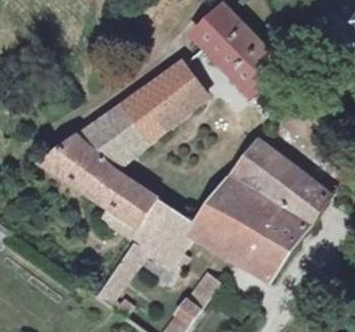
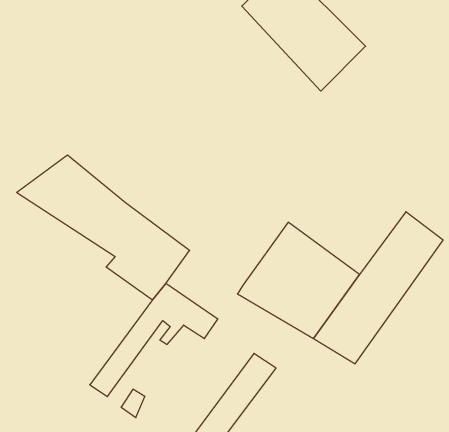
building: [77,63,204,169] -> none
building: [226,138,306,217] -> none
building: [143,201,196,247] -> none

